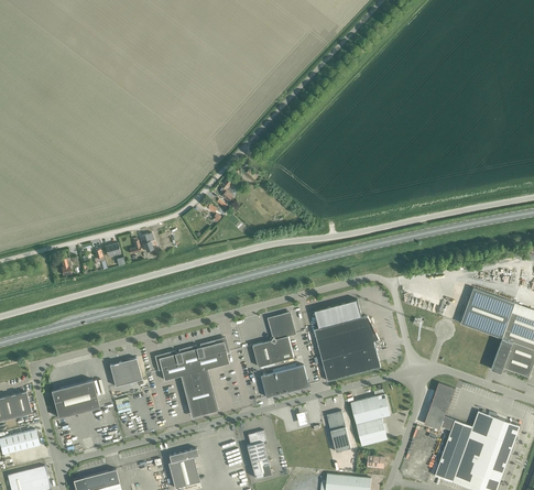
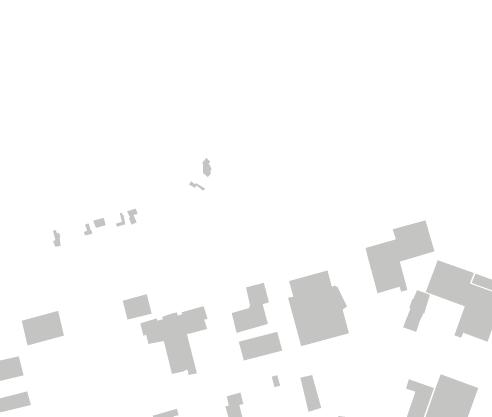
building: none -> [365,219,435,294]
building: [108,358,141,386] -> [122,293,153,320]
building: [51,380,98,418] -> [21,310,65,346]
building: [423,383,454,429] -> [402,289,431,333]
building: [349,390,390,446] -> none

